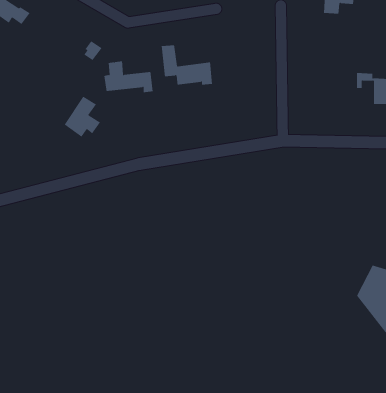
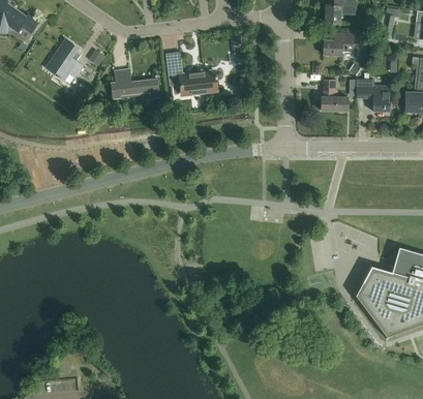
building: none -> [323,33,352,56]
building: none -> [321,81,348,112]
building: [64,96,101,137] -> [46,40,82,81]

